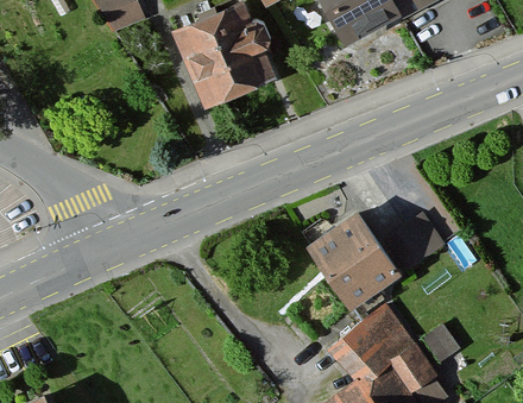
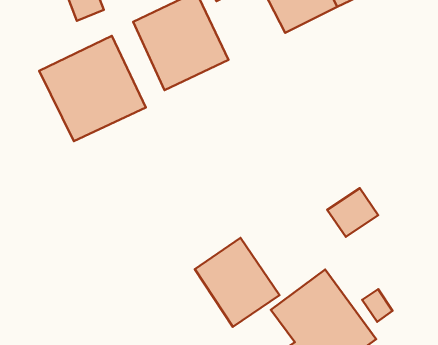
building: none -> [39,36,146,141]
building: [309,213,402,310] -> [195,238,280,327]

